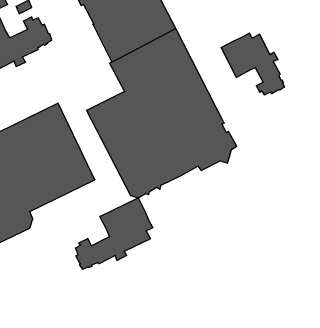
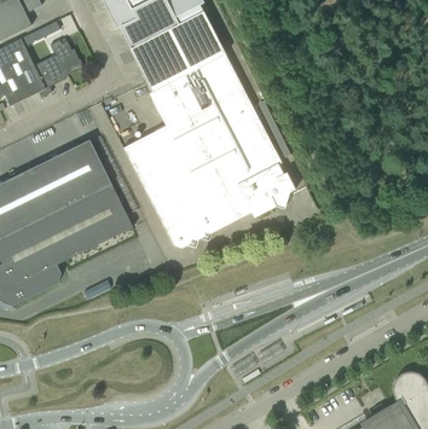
building: [221,33,284,95] -> none
building: [75,198,153,269] -> none

